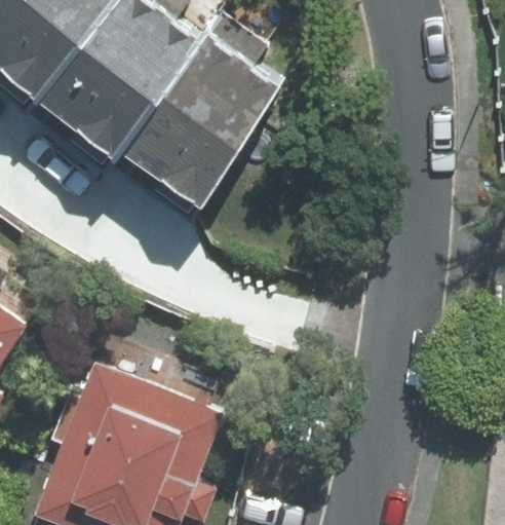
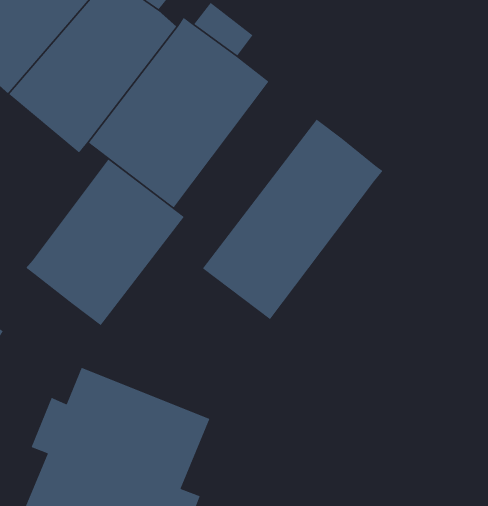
building: none -> [202,118,384,320]
building: none -> [25,159,185,326]

